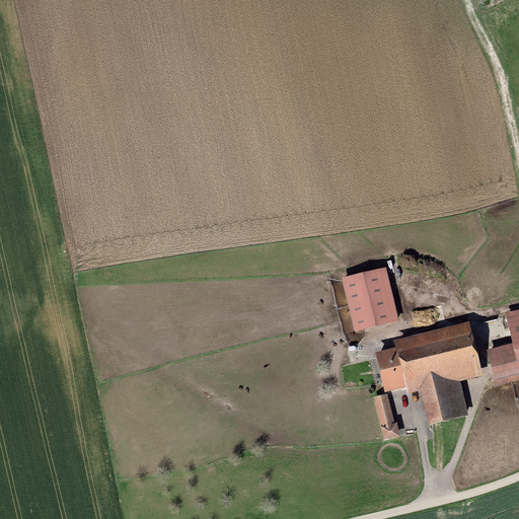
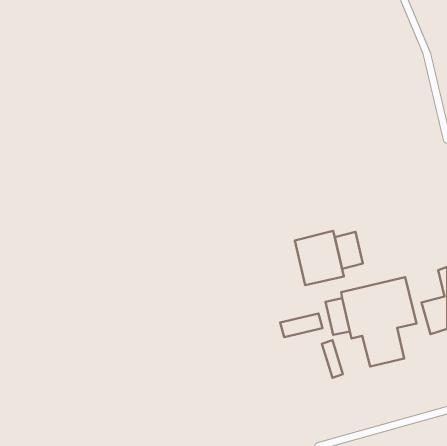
building: none -> [335,232,363,269]
building: none -> [280,313,322,337]

